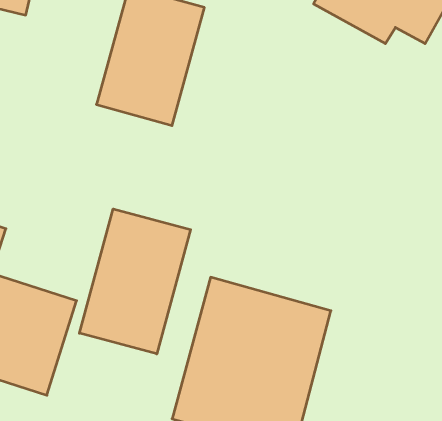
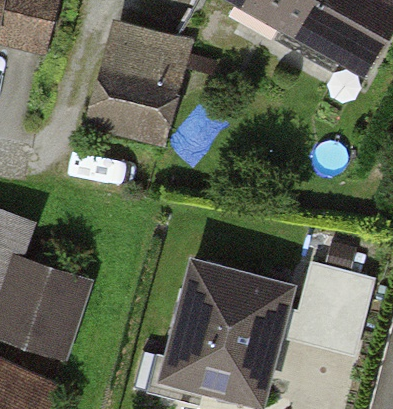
building: [79,209,191,354] -> none
building: none -> [297,264,372,342]

